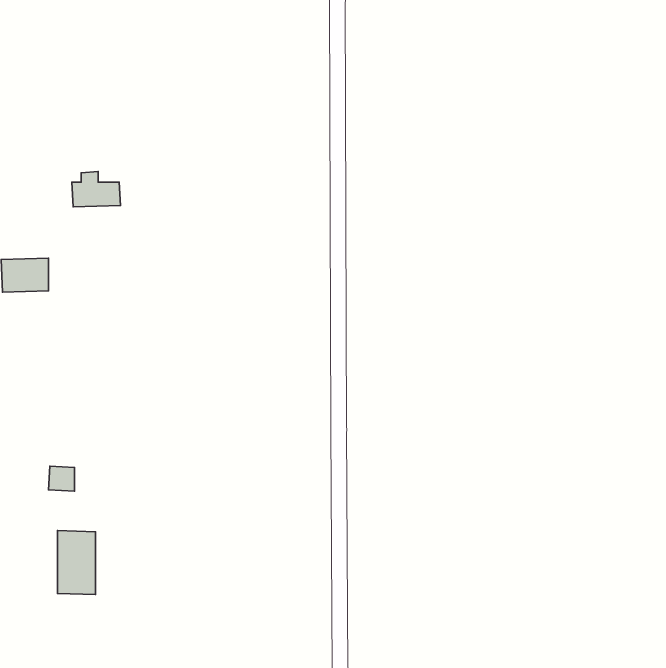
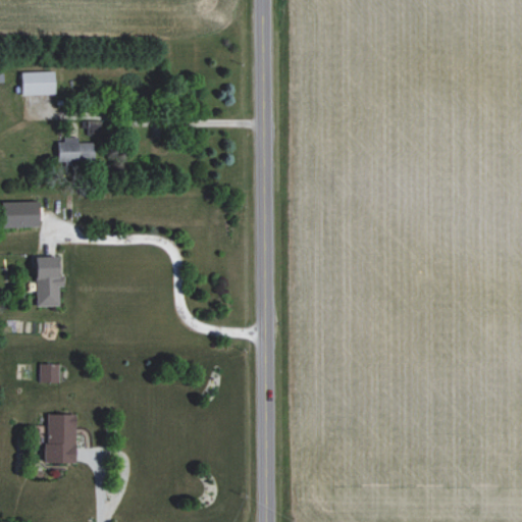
building: none -> [22,71,56,96]
building: none -> [36,257,64,307]

